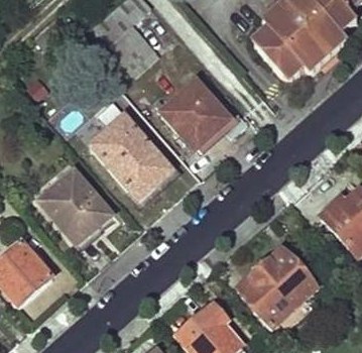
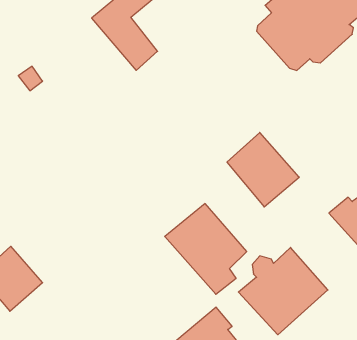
building: [160,79,229,149] -> [227,132,299,207]
building: [87,115,164,201] -> [165,204,247,294]
building: [38,170,113,245] -> none

